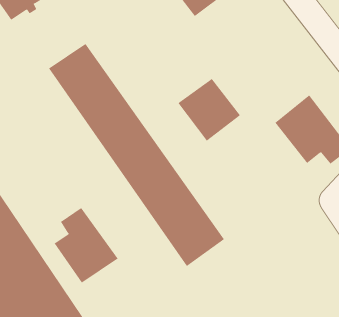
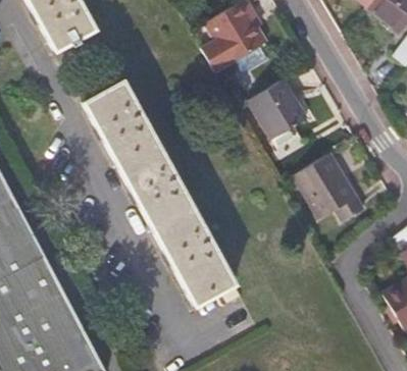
building: [178,78,241,141] -> [249,80,308,140]
building: [54,207,118,284] -> none

